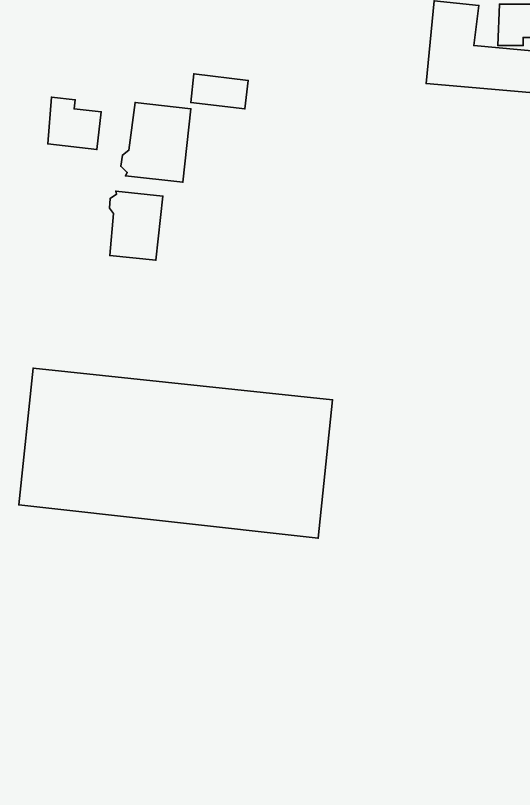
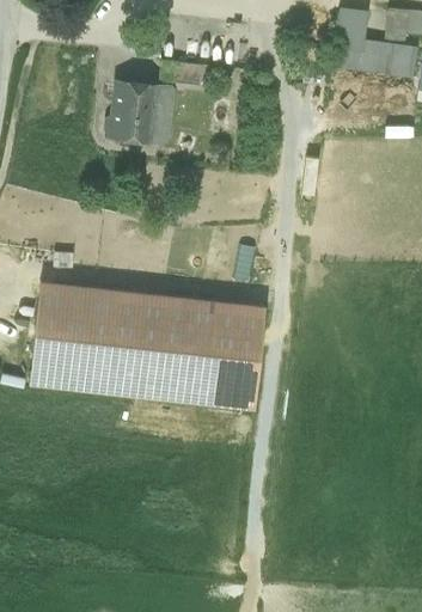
building: [48,97,101,149] -> none
building: [109,191,163,260] -> none

